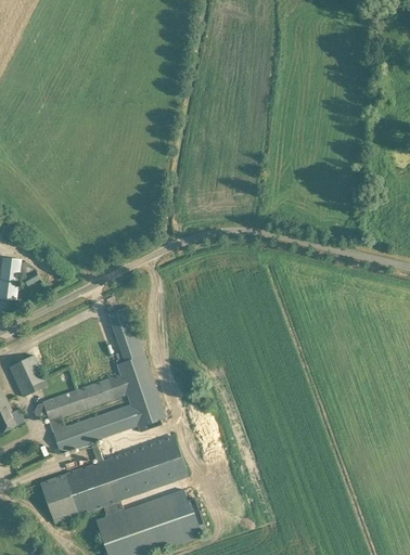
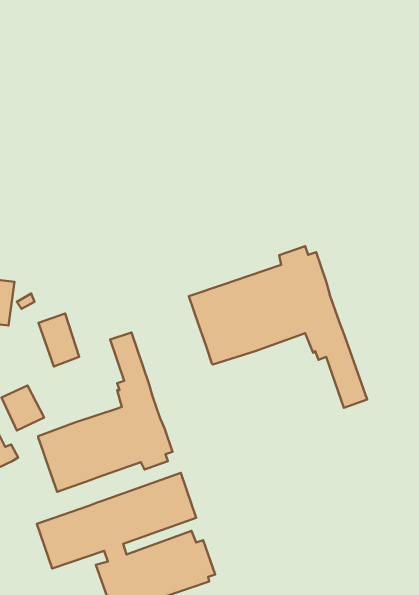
building: none -> [189,246,367,408]
building: none -> [38,313,79,366]

